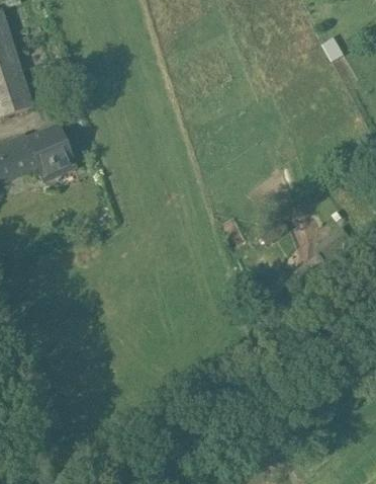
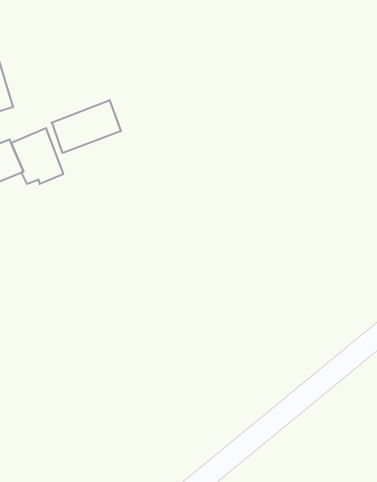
building: none -> [52,100,121,153]

